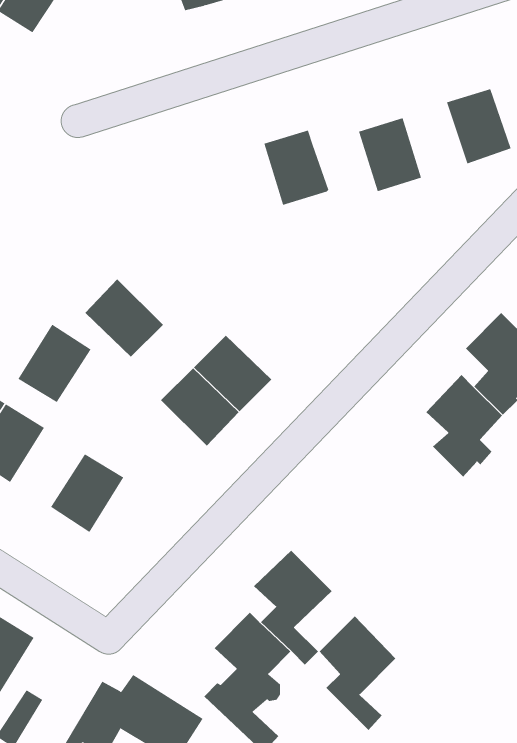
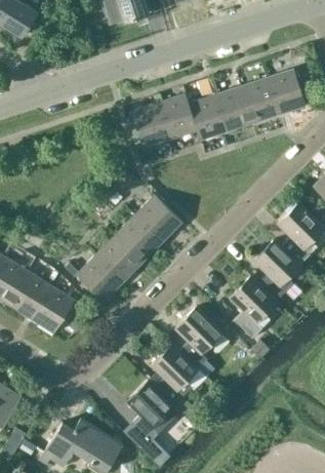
building: none -> [241,77,279,122]
building: none -> [188,94,226,140]
building: none -> [131,102,169,147]
building: [85,278,164,358] -> [77,254,124,302]
building: none -> [135,195,182,242]
building: [17,324,92,403] -> [7,271,51,318]
building: none -> [231,276,277,337]
building: [319,615,396,731] -> [176,307,222,376]

